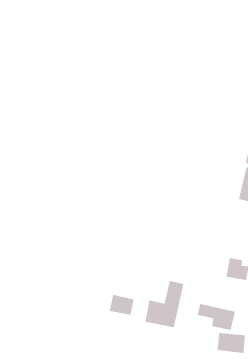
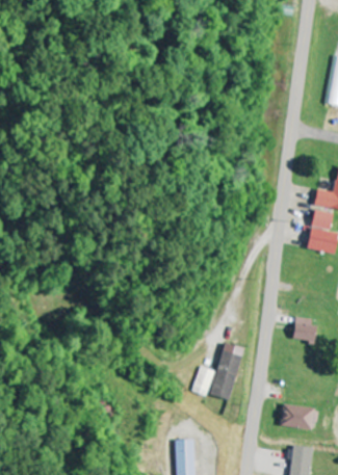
building: [109,294,134,316] -> none
building: [197,303,236,331] -> none

